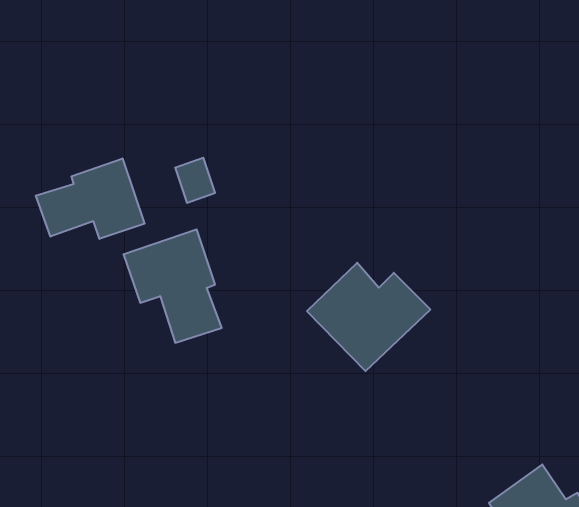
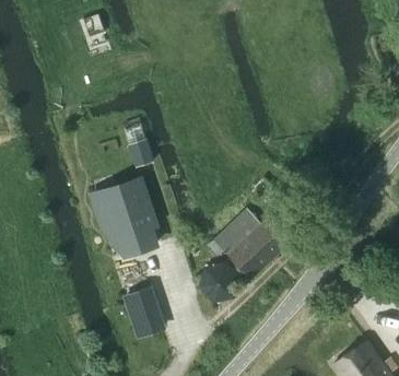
building: [36,158,145,239] -> none
building: none -> [126,289,161,334]

